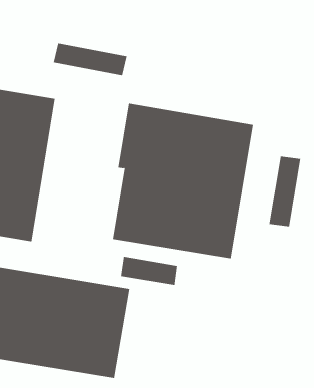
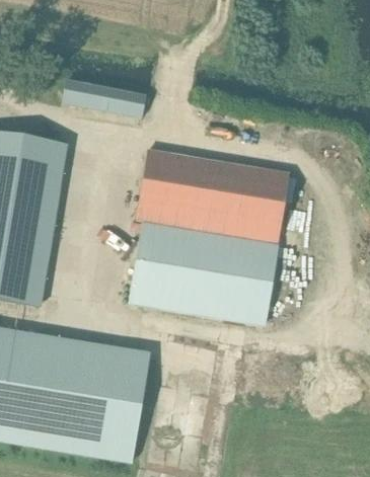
building: [269,155,301,227] -> none
building: [121,256,178,286] -> none

